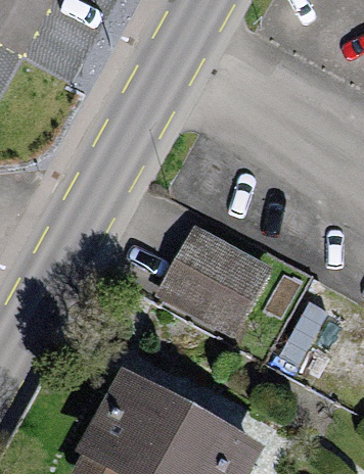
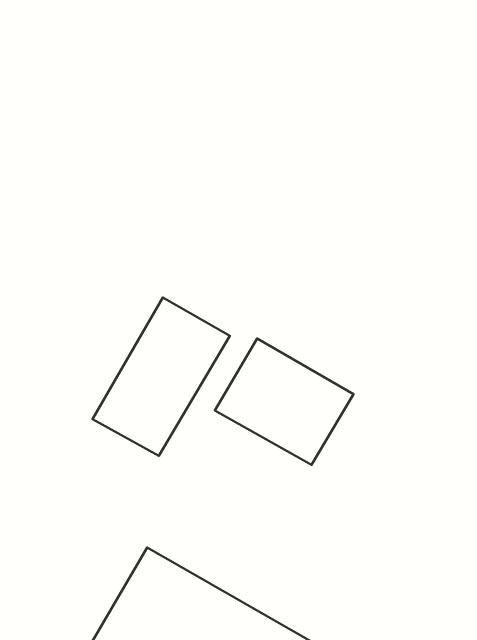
building: none -> [92,298,230,456]

